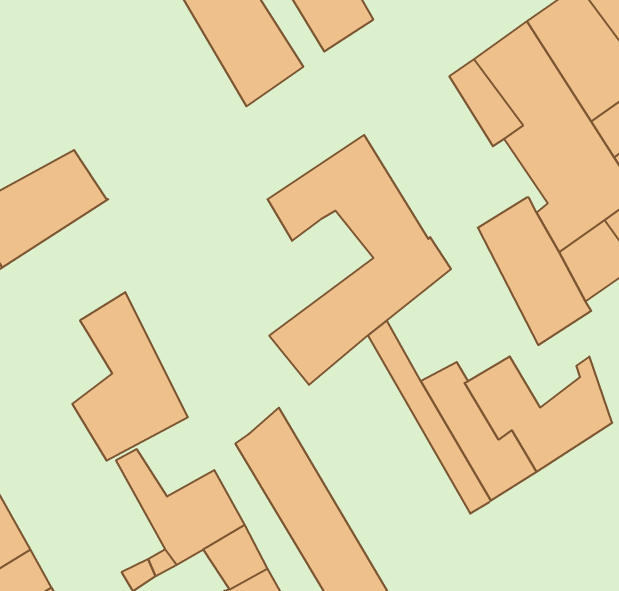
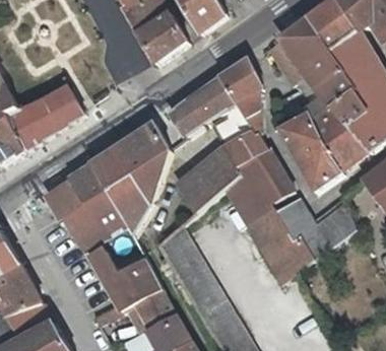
building: none -> [220,57,260,132]
building: none -> [92,120,170,227]
building: none -> [233,146,294,208]
building: none -> [44,179,85,222]

